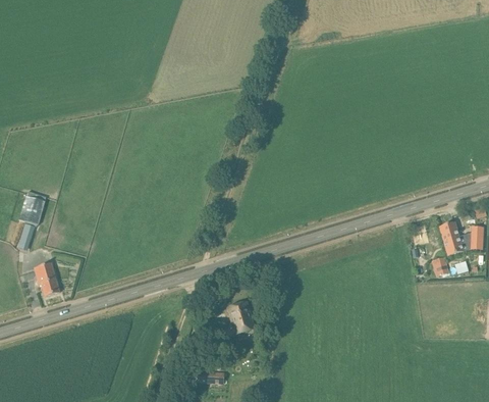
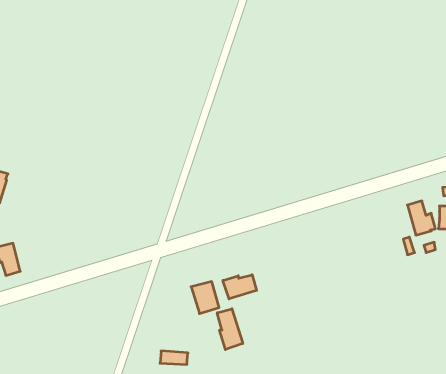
building: none -> [223,275,257,299]
building: none -> [217,309,243,350]

